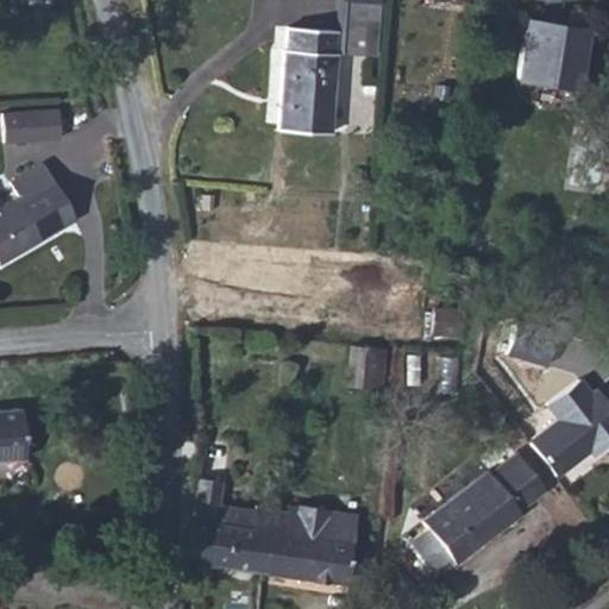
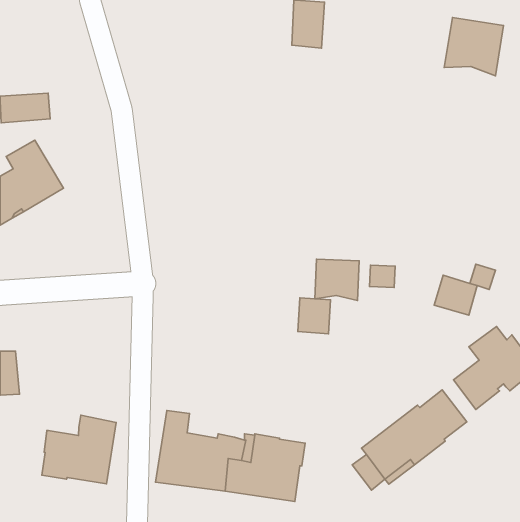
building: [280,27,339,134] -> none
building: none -> [315,259,359,301]
building: none -> [42,415,116,484]

